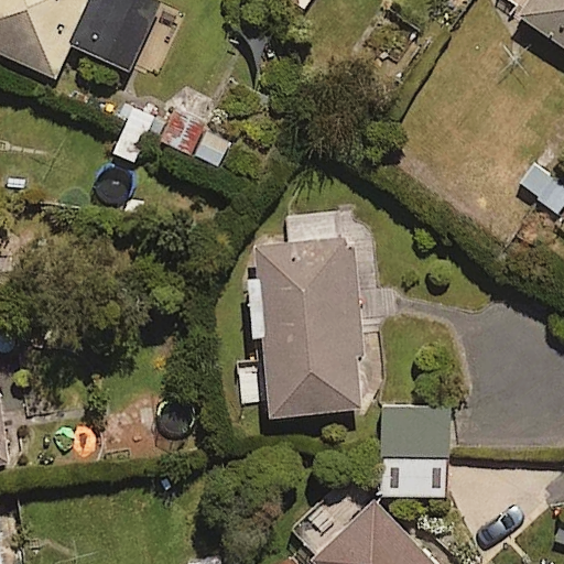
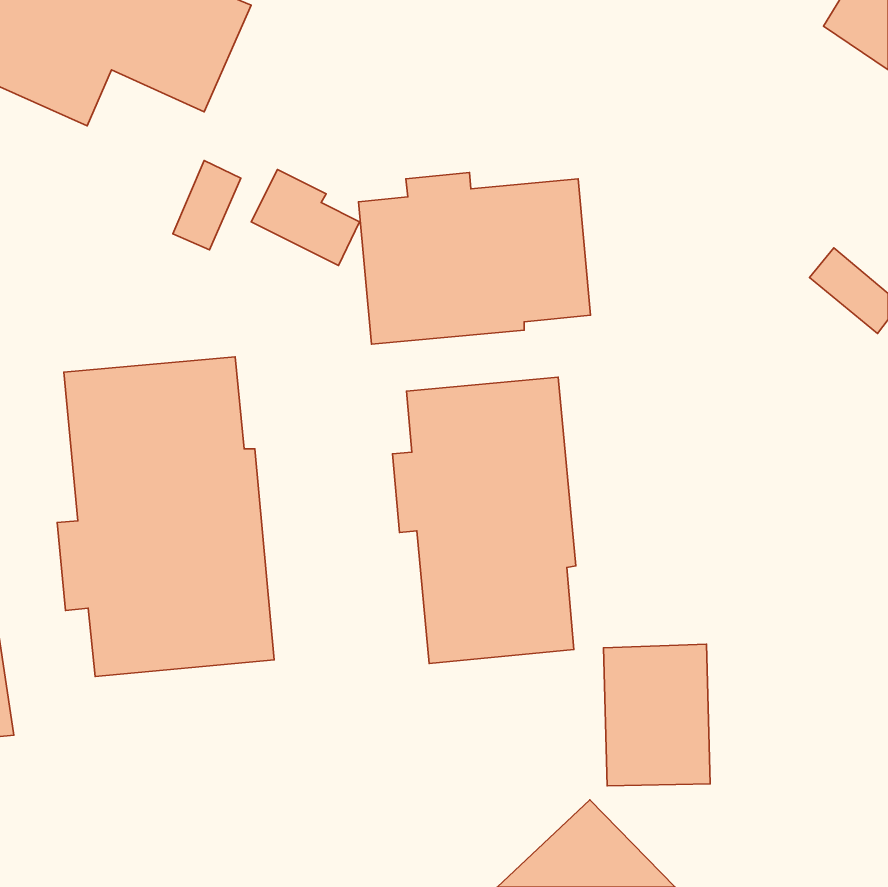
building: none -> [358,173,590,344]
building: none -> [57,357,274,677]

